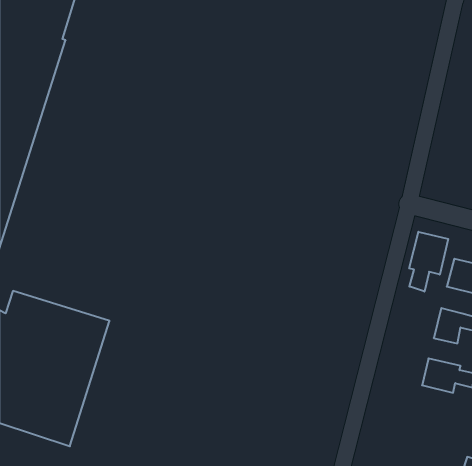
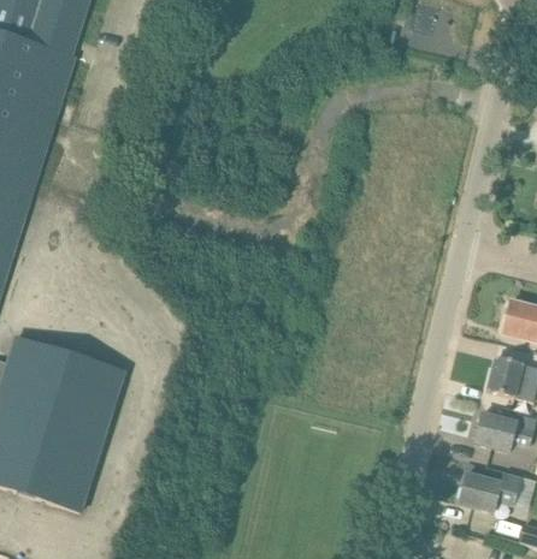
building: [409,232,448,292] -> none
building: none -> [459,472,520,511]

